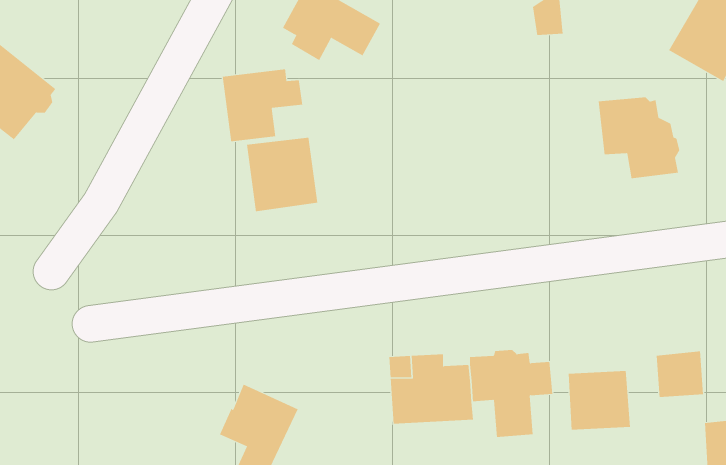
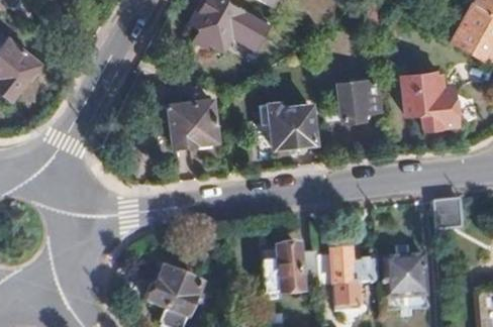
building: [222,69,303,142] -> none
building: none -> [337,80,380,122]
building: none -> [260,103,314,148]
building: [656,351,704,397] -> [433,199,466,230]

